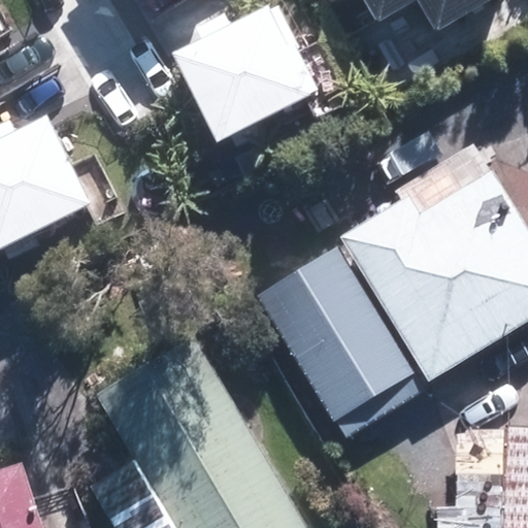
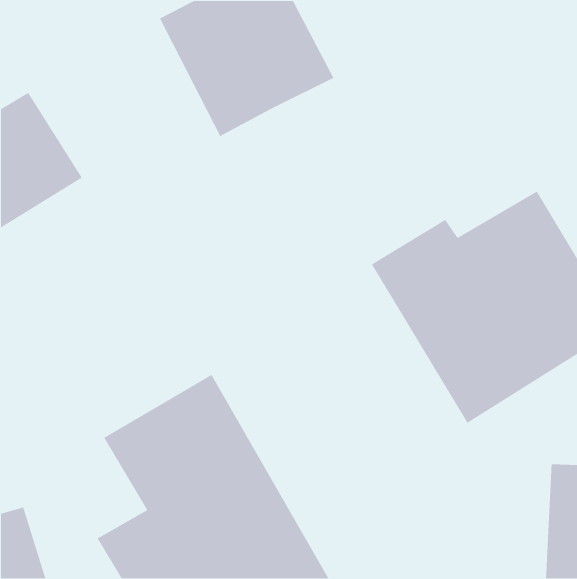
building: [258,250,425,440] -> none

